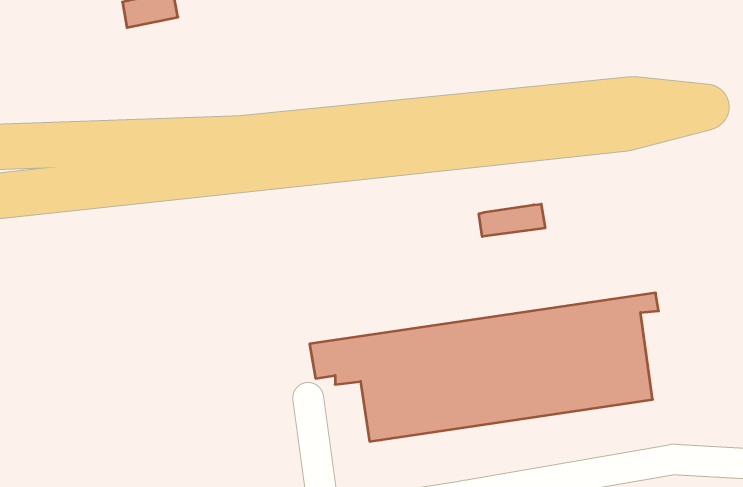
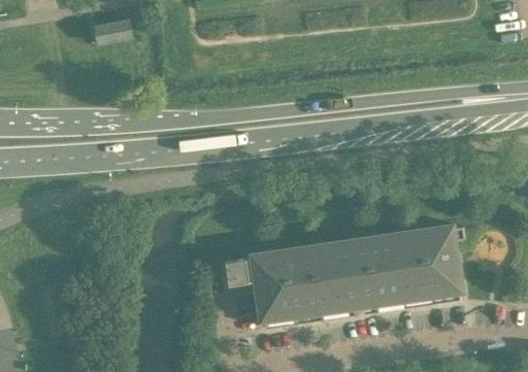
building: [479,204,545,237] -> none

